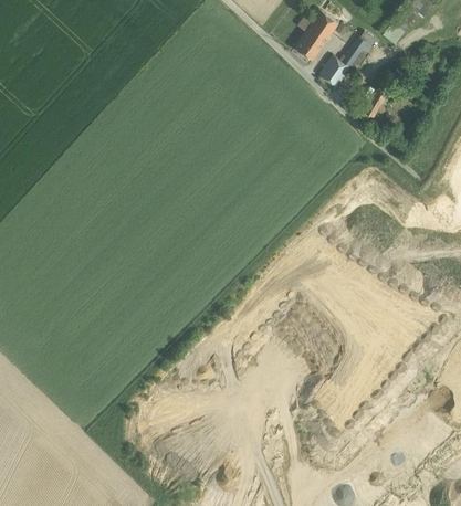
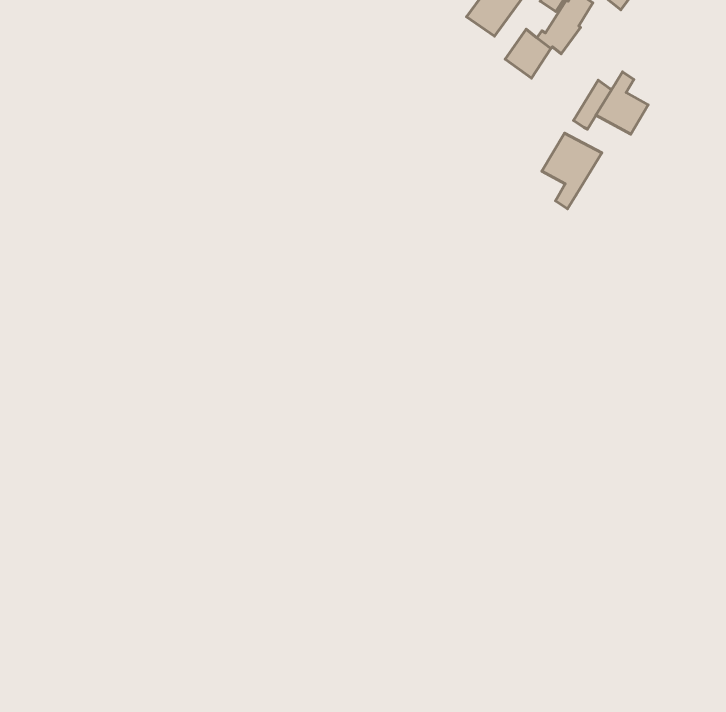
building: none -> [596,72,648,134]
building: none -> [542,133,602,209]

